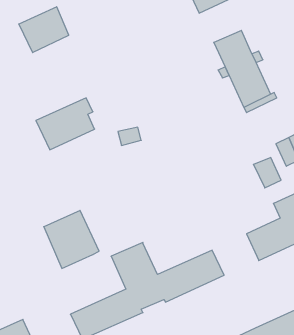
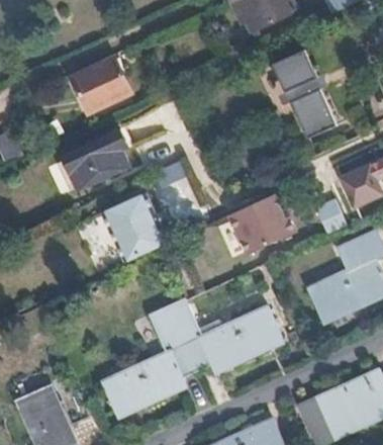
building: [19,7,69,53] -> [73,58,131,111]
building: none -> [230,193,298,253]
building: [44,210,99,268] -> [105,193,170,261]

